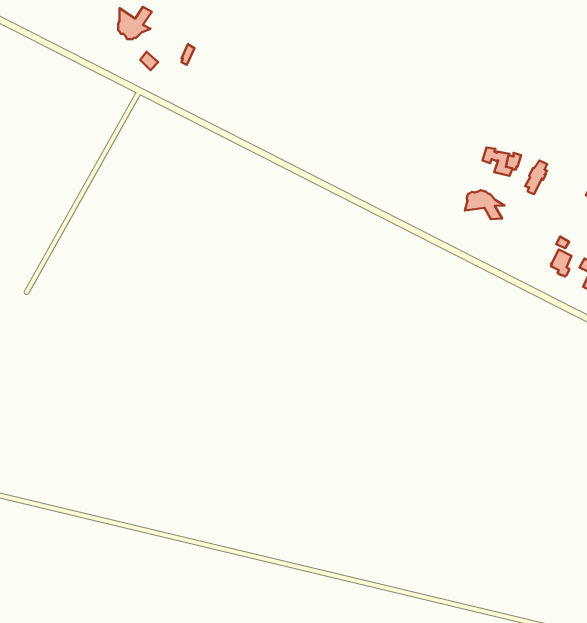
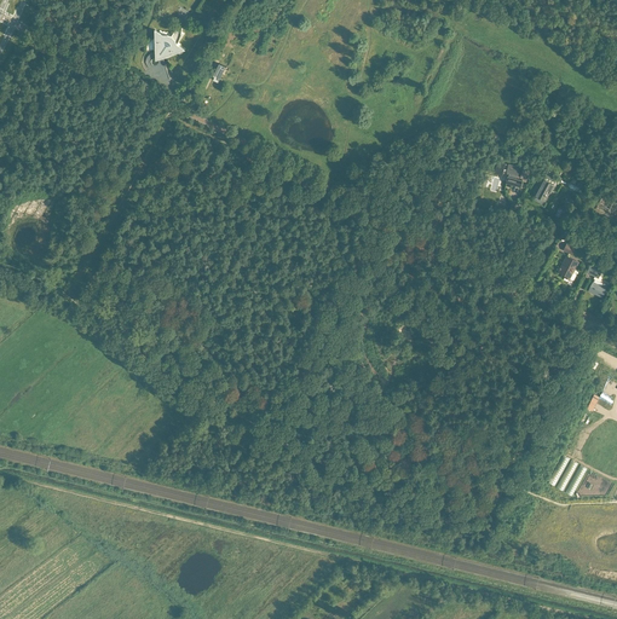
building: [465,190,504,219] -> none

